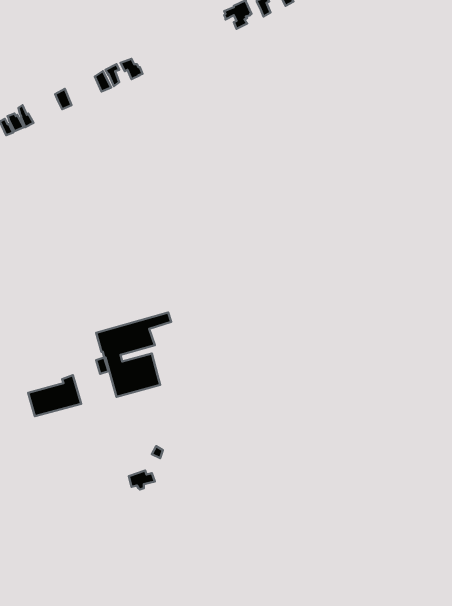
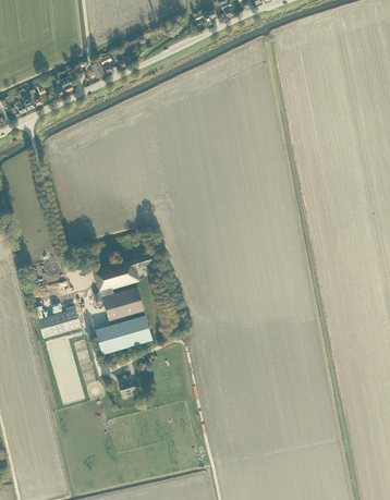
building: none -> [94,315,151,354]

